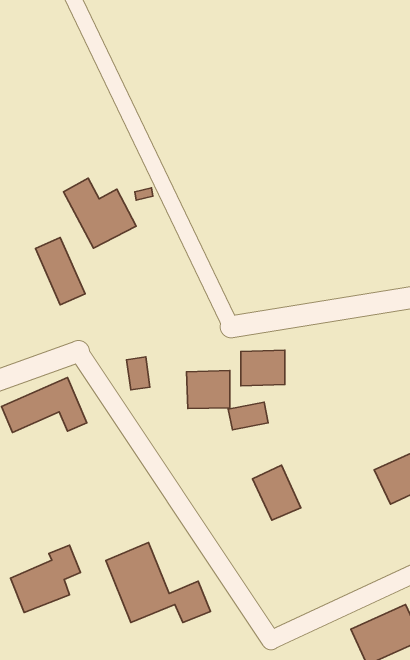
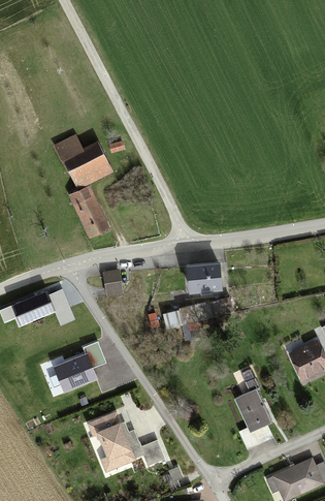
building: [36,238,85,305] -> [70,187,107,238]
building: [186,371,230,409] -> none
building: [253,465,301,520] -> [235,389,271,431]
building: [10,545,81,613] -> [53,341,105,392]

